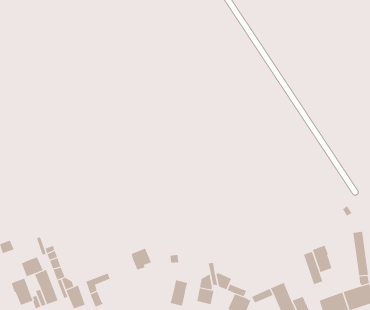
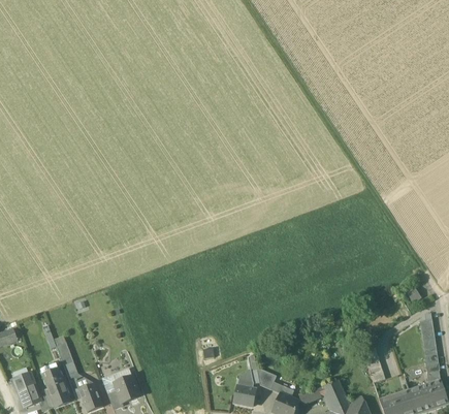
building: [312,245,332,272] -> none
building: [131,248,152,270] -> [115,375,139,402]
building: [21,257,43,277] -> none
building: [170,280,188,306] -> none

